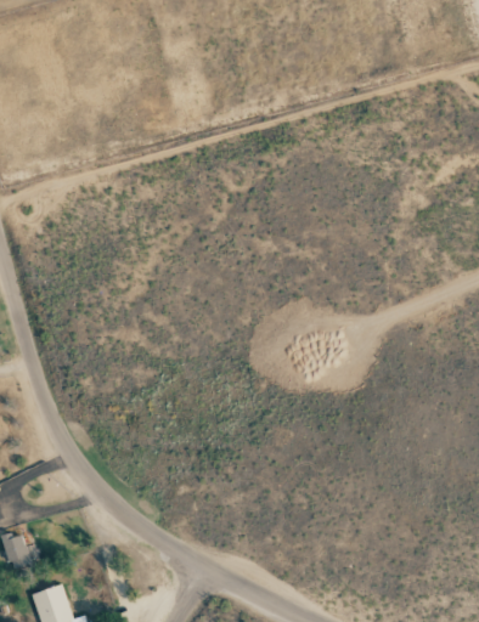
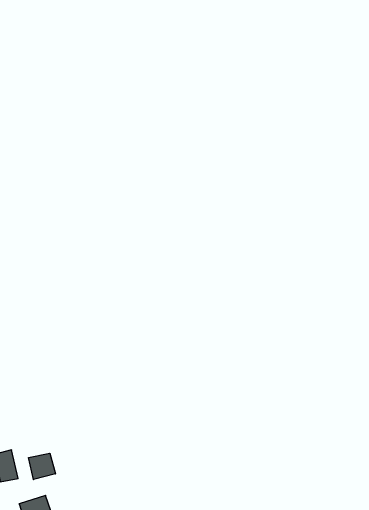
building: none -> [29,453,55,480]

